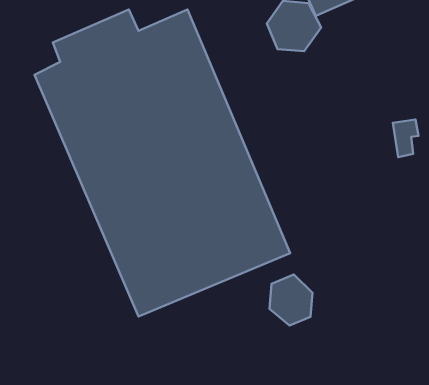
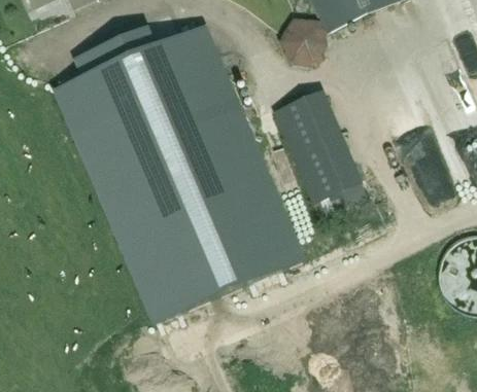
building: none -> [274,90,368,217]
building: [270,274,312,325] -> none

